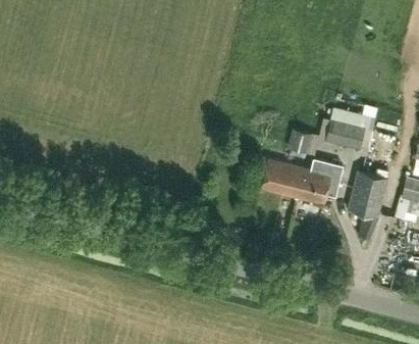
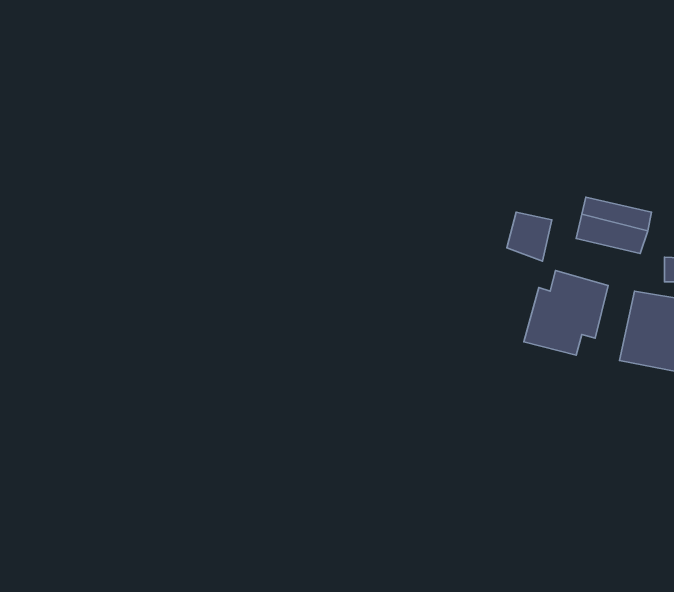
building: [261,158,305,198] -> none

